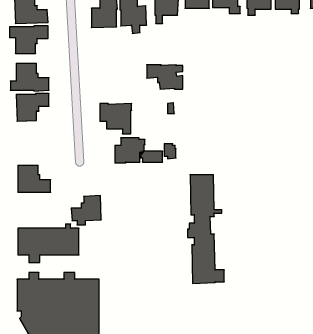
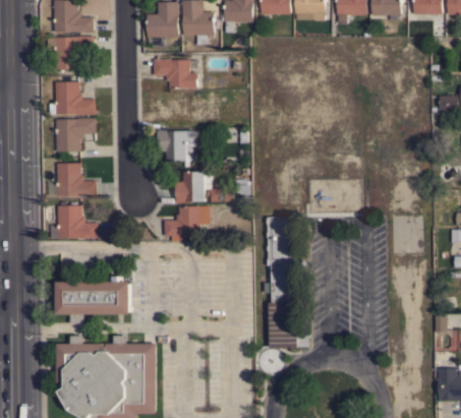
building: [147,65,183,89] -> [153,59,196,88]
building: none -> [56,163,97,196]
building: [71,196,101,225] -> [163,205,199,241]

